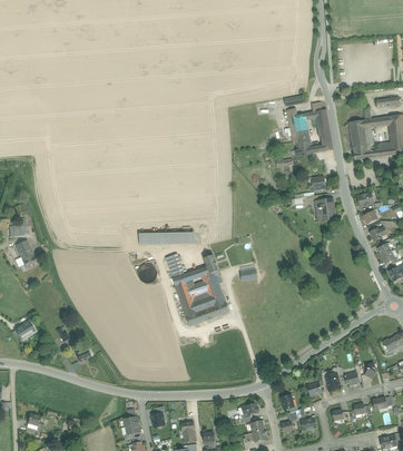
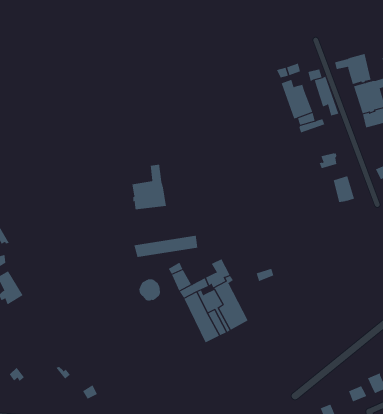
building: none -> [334,53,371,85]
building: none -> [132,164,166,210]

